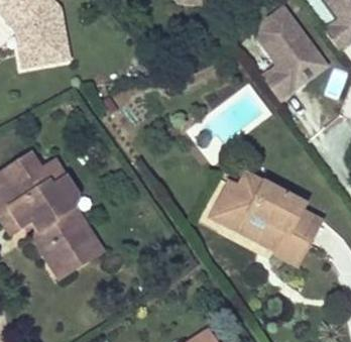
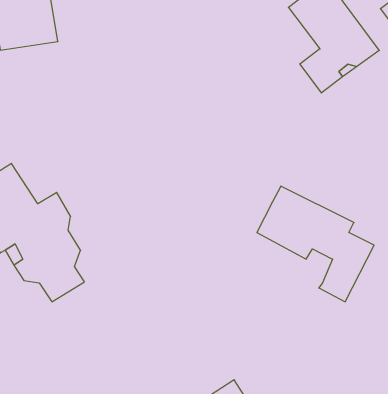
building: [213,182,287,250] -> none
building: [40,224,103,277] -> none

